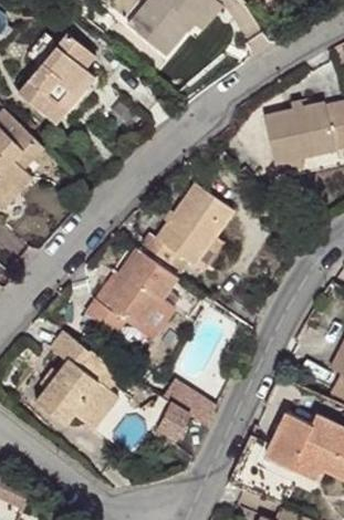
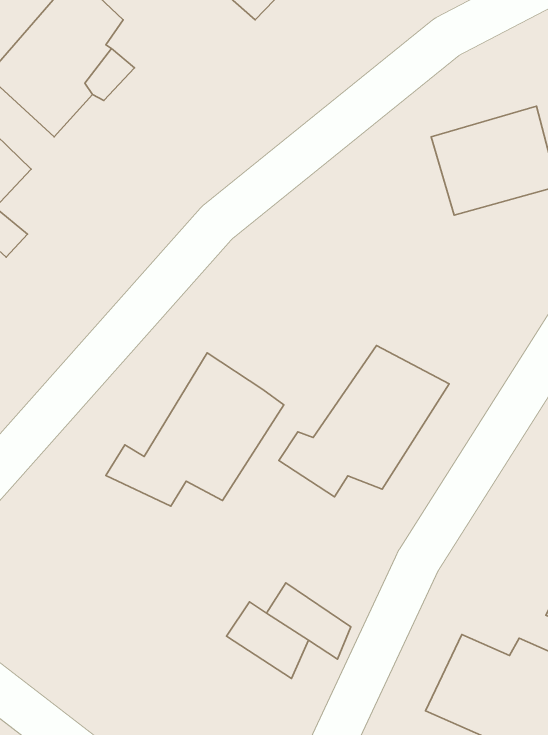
building: [137,184,236,271] -> [279,346,449,497]
building: [40,330,118,428] -> none

